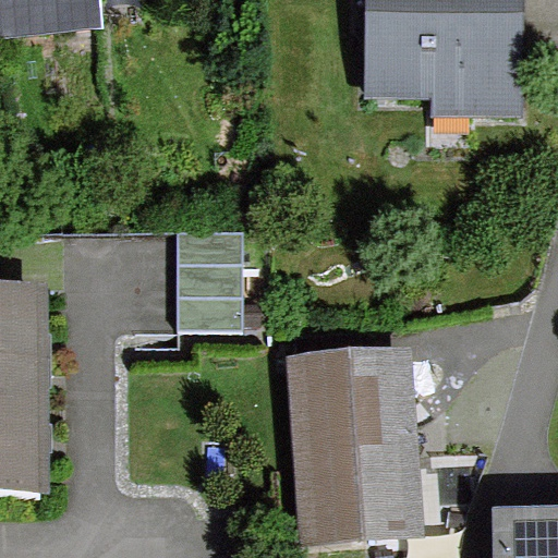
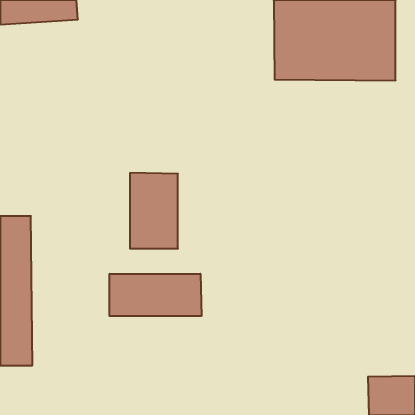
building: [292,349,420,547] -> none
building: none -> [110,274,201,316]

